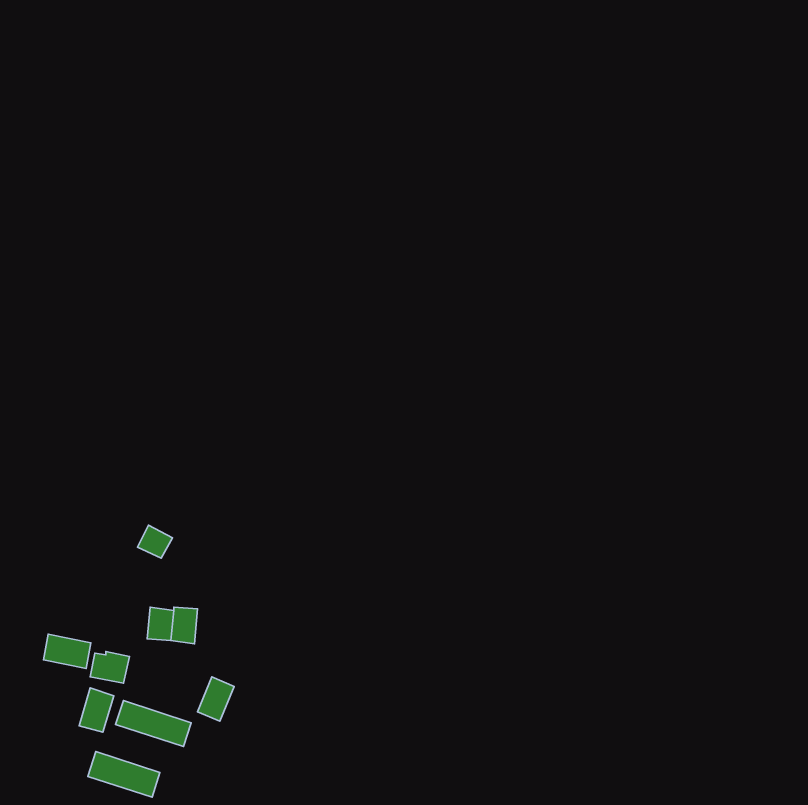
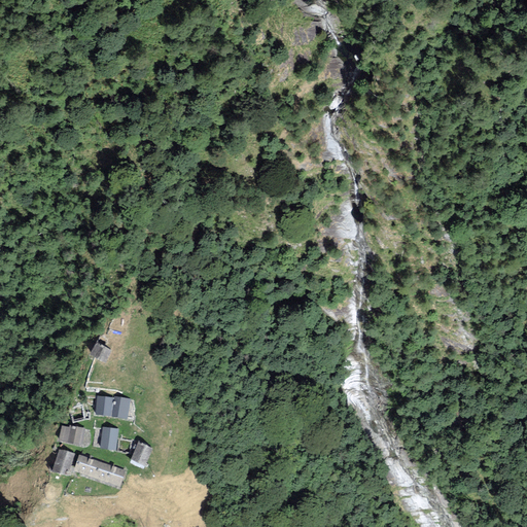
building: [43,634,91,668] -> none
building: none -> [100,425,118,451]
building: [88,752,160,797] -> none

